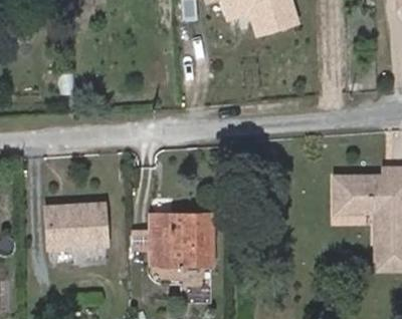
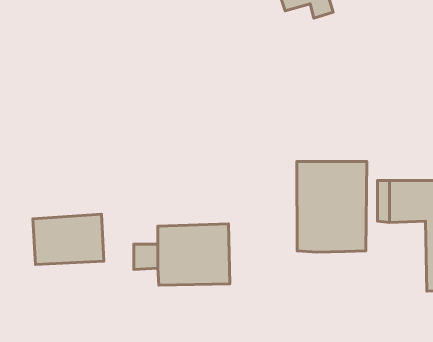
building: none -> [297,162,367,252]

